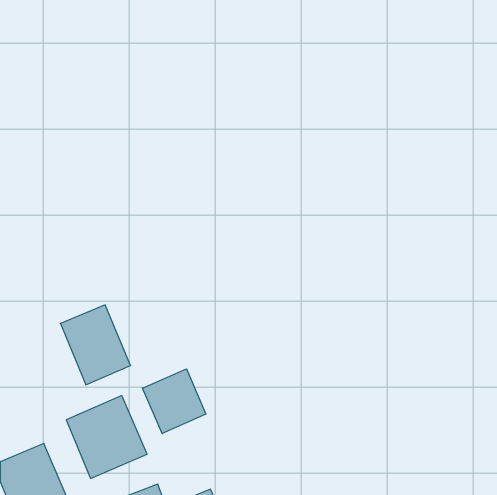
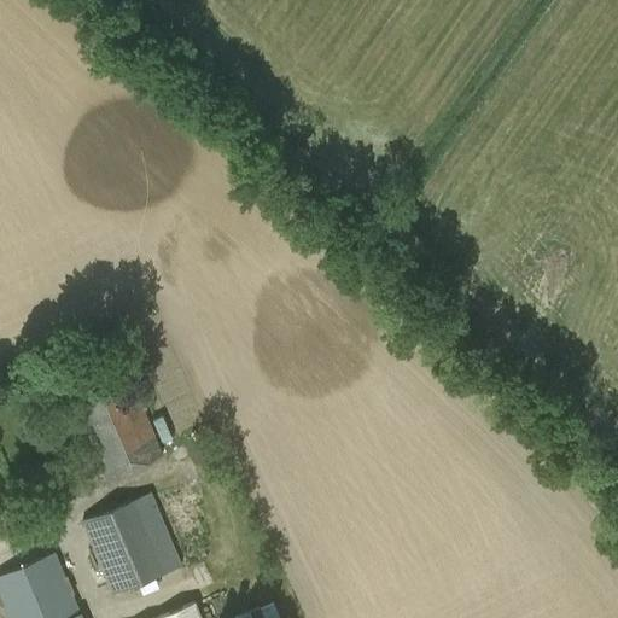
building: [142,369,206,434] -> none

